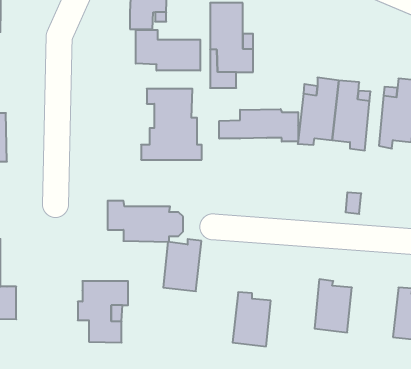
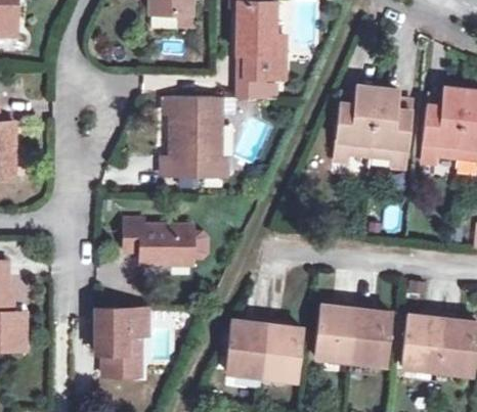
building: [136,30,200,71] -> none
building: [219,109,298,142] -> none
building: [163,239,201,291] -> [226,319,268,376]
building: none -> [315,305,357,361]
building: none -> [402,314,444,370]

